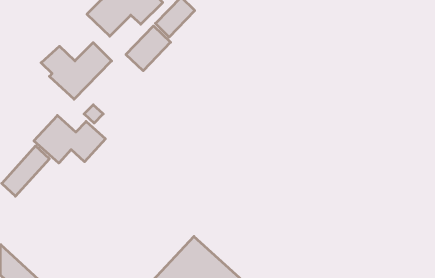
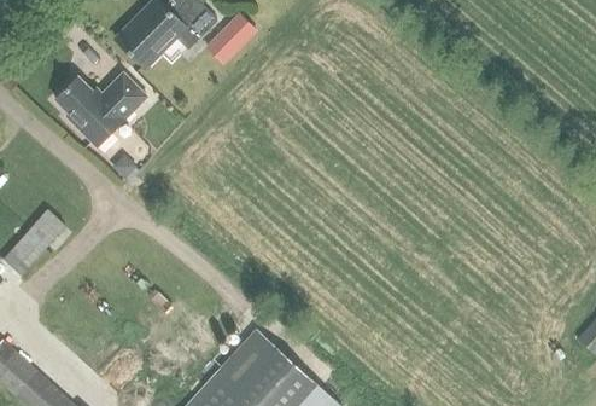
building: [126,26,171,71] -> none
building: [34,115,105,163] -> none

